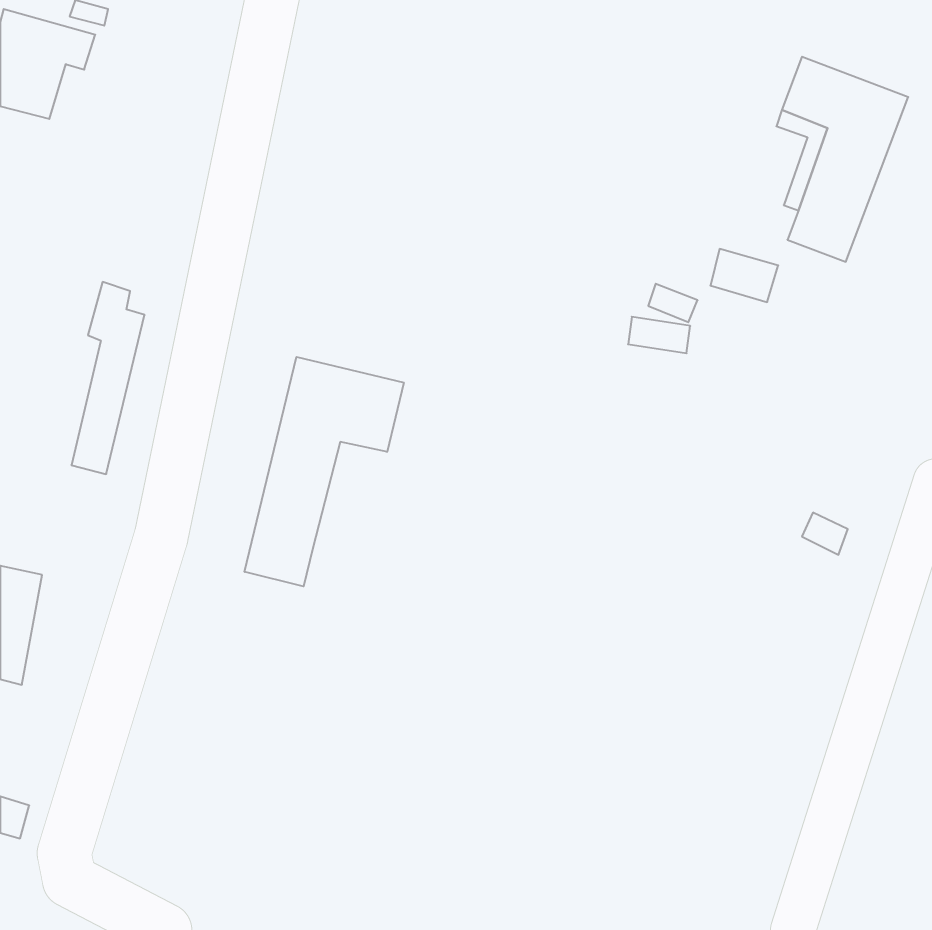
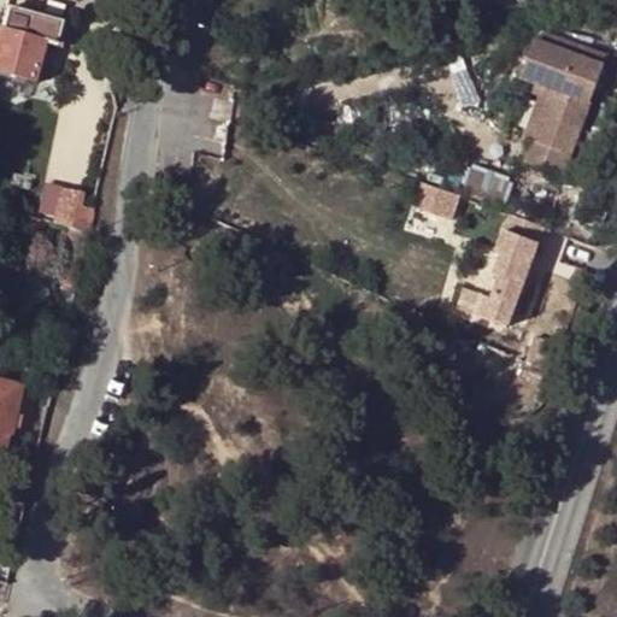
building: none -> [487,205,543,318]
building: [245,357,404,586] -> none

